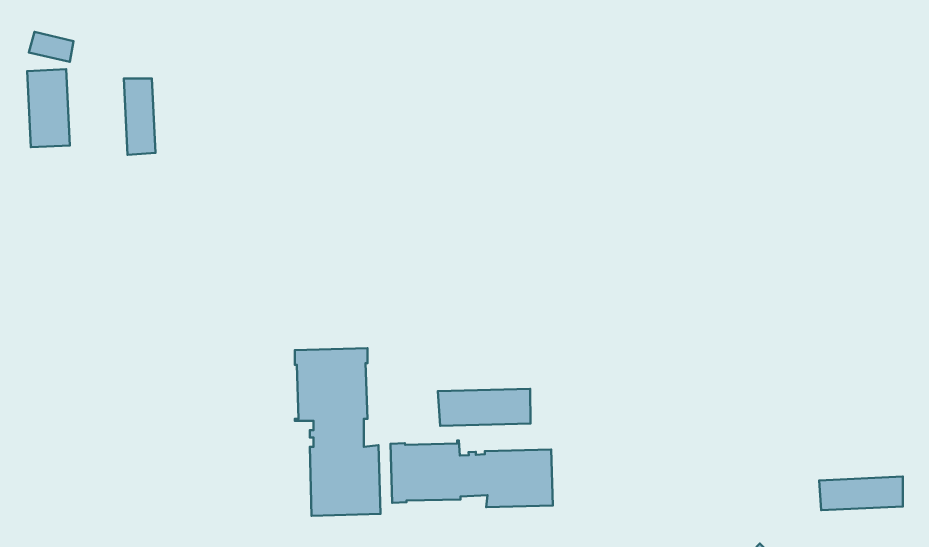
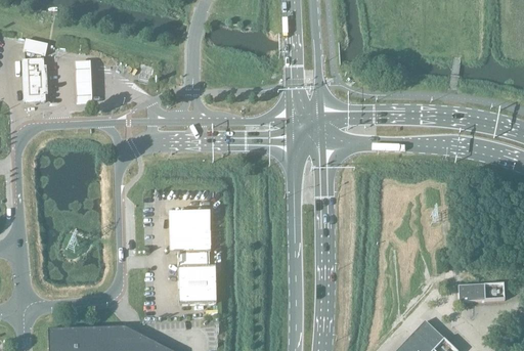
building: [438,389,530,426] -> none
building: [391,440,553,507] -> none

